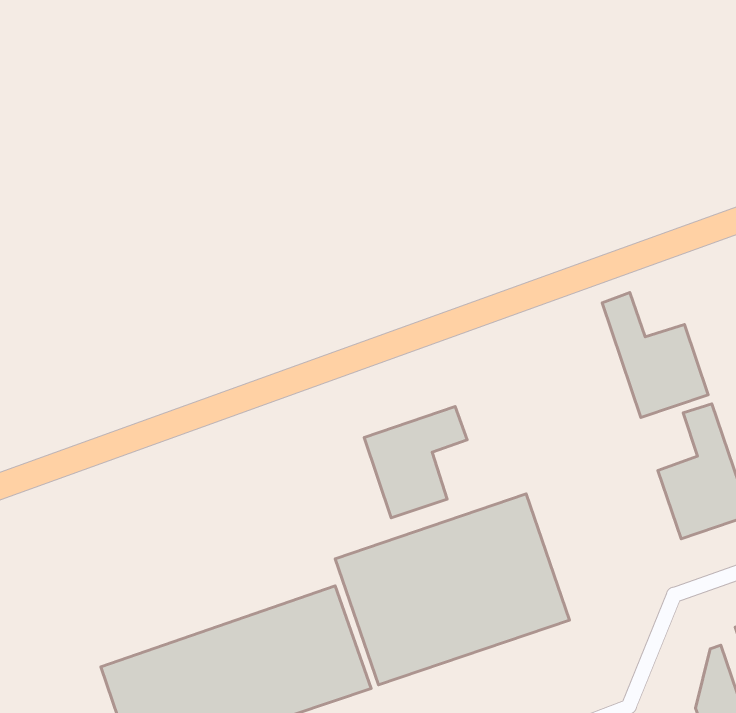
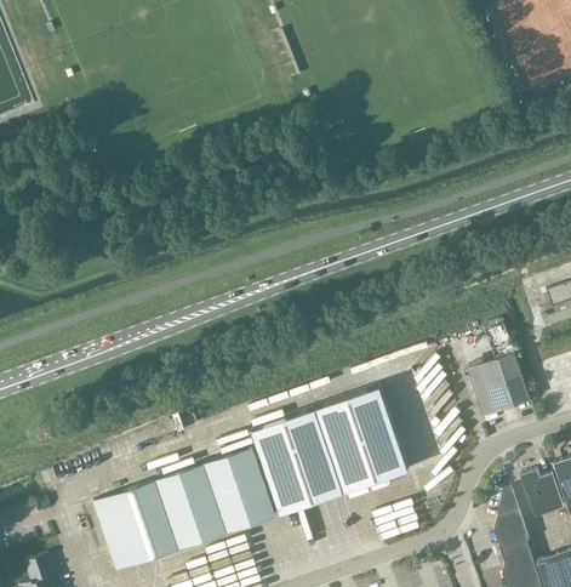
building: [602,293,708,417] -> none
building: [364,407,467,518] -> none

